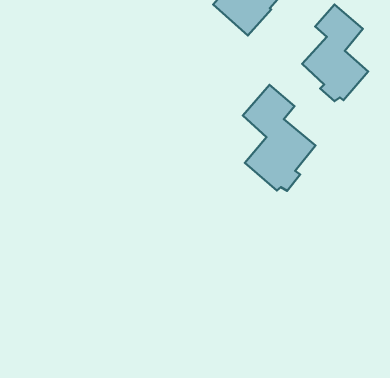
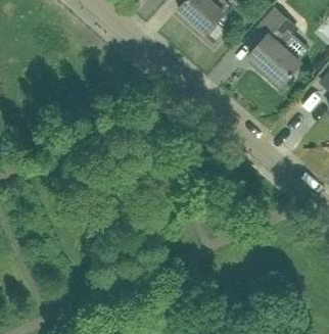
building: [243,85,316,191] -> none

